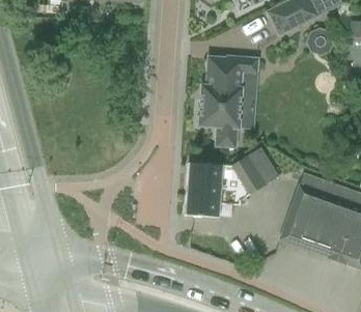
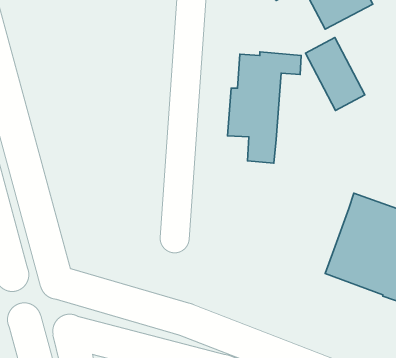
building: none -> [305,37,365,110]
building: [186,153,269,217] -> none

